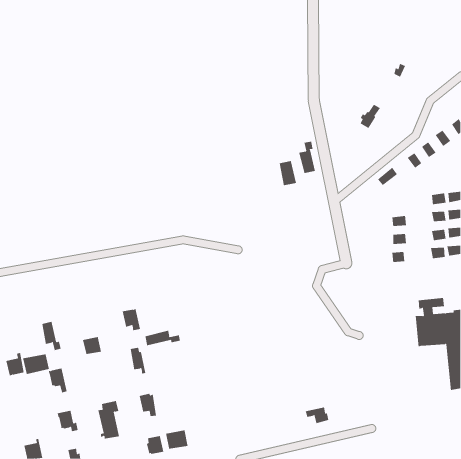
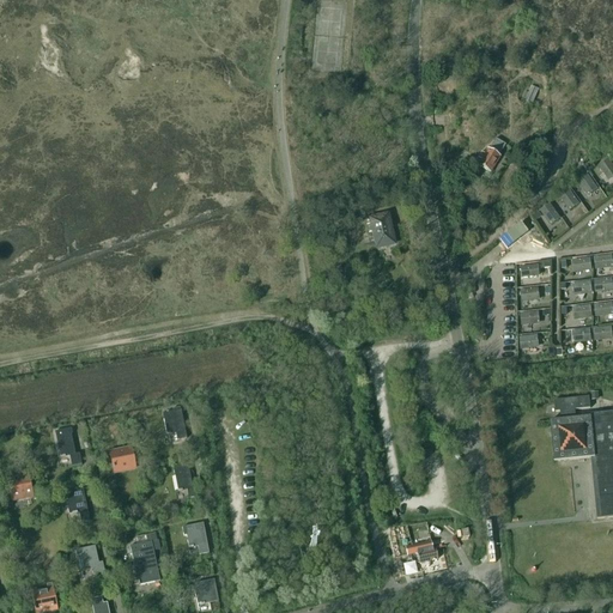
building: [298,141,315,174] -> none
building: [145,330,180,346] -> none
building: [22,353,49,375] -> none
building: [166,429,188,449] -> none

